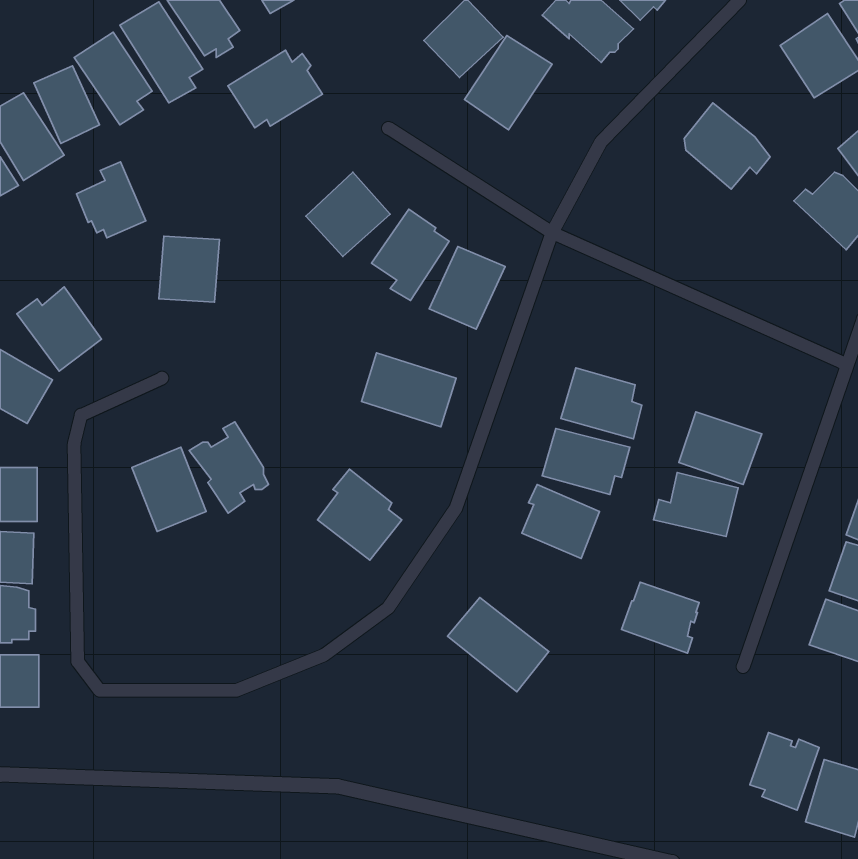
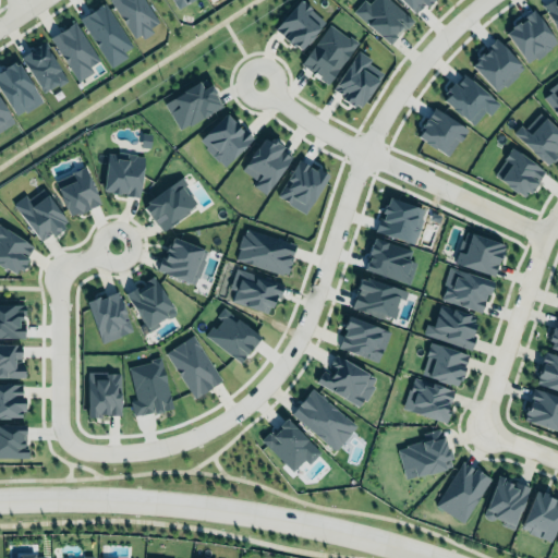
building: [228,50,323,128] -> [163,78,225,129]
building: none -> [472,37,527,94]
building: none -> [335,51,385,110]
building: none -> [421,105,470,156]
building: [76,162,146,238] -> [59,166,104,215]
building: none -> [499,145,545,194]
building: none -> [145,175,198,231]
building: none -> [379,199,426,244]
building: none -> [459,230,508,272]
building: none -> [155,234,207,286]
building: none -> [232,269,282,316]
building: none -> [167,336,225,400]
building: none -> [424,343,470,386]
building: none -> [319,354,379,410]
building: none -> [130,360,175,418]
building: none -> [89,374,124,417]
building: none -> [262,415,322,472]
building: none -> [400,427,453,478]
building: none -> [433,459,494,525]

